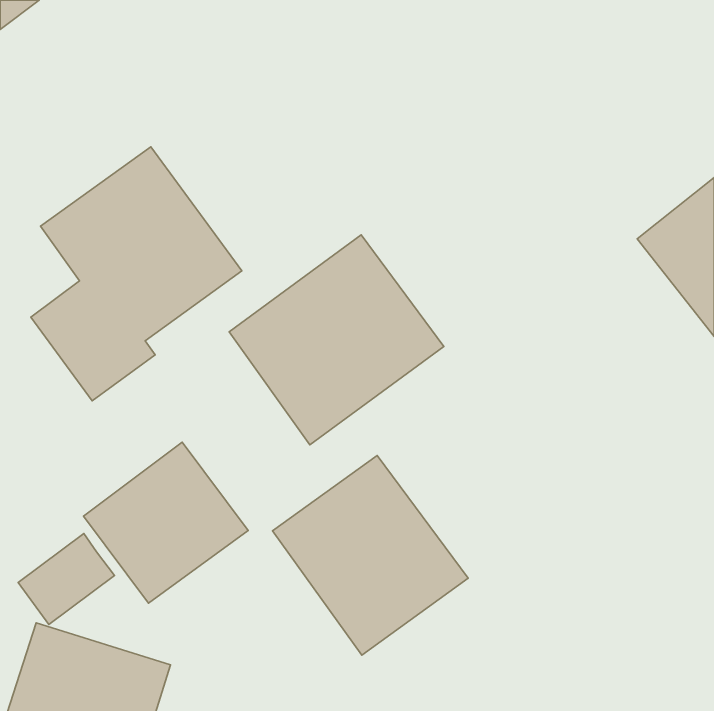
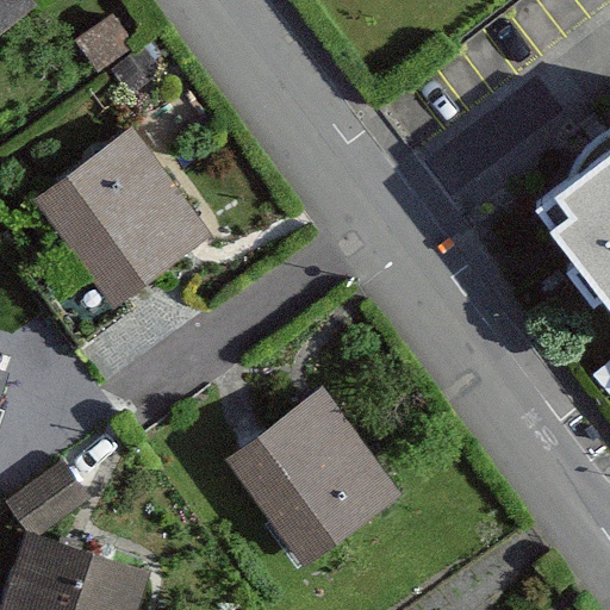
building: [229,235,444,445] -> none
building: [83,442,248,603] -> none

